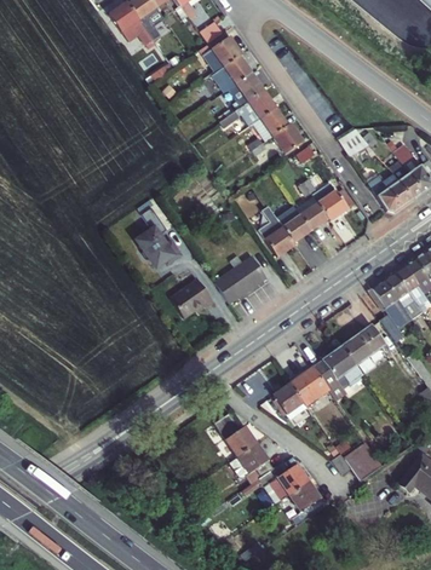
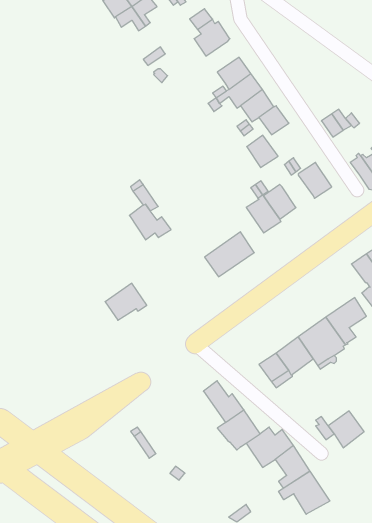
building: [195,56,251,92] -> none
building: [295,196,328,230] -> [247,135,278,168]
building: [169,278,213,317] -> [105,283,147,320]
building: none -> [279,471,330,514]

